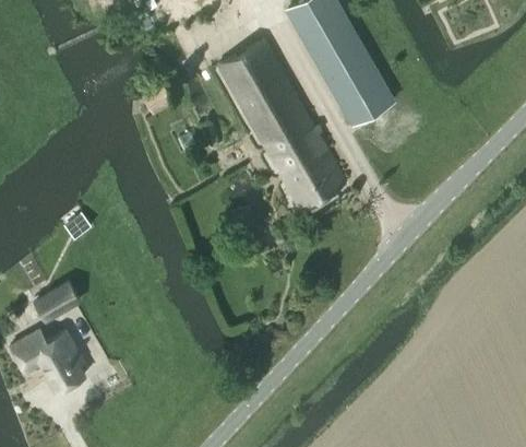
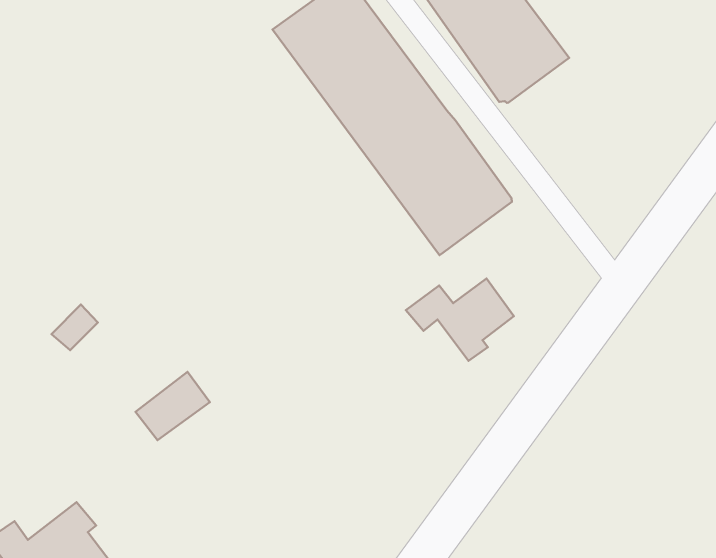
building: none -> [406,278,514,361]
building: [36,282,81,320] -> [135,372,210,440]

